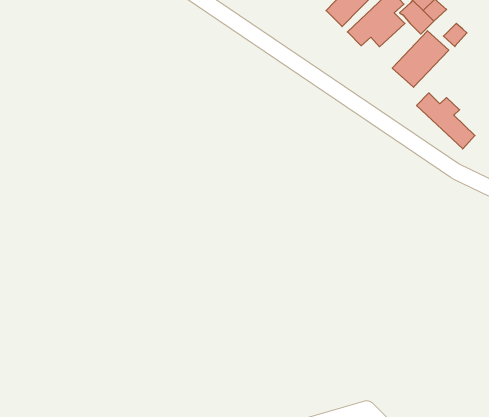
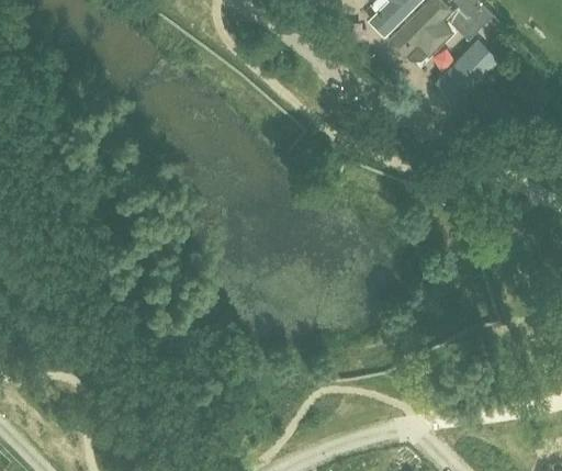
building: [417,93,475,149] -> none

